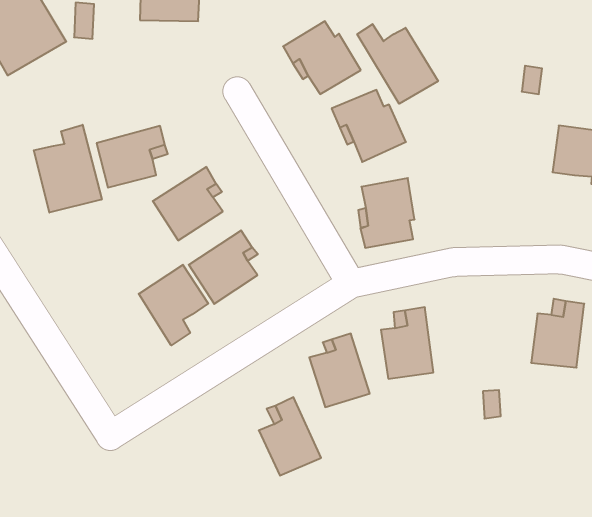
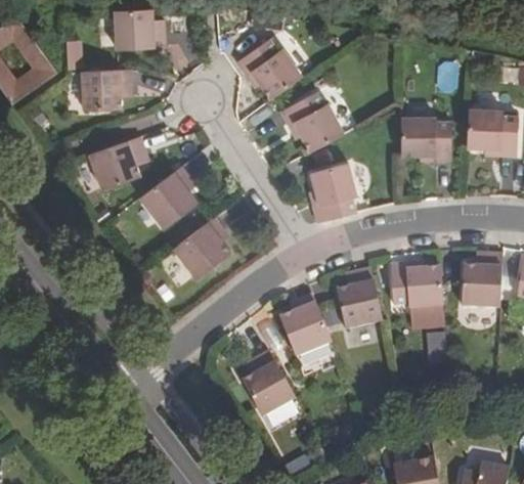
building: [357,24,438,104] -> none
building: none -> [82,70,132,111]
building: [34,125,102,213] -> none
building: none -> [401,117,451,163]
building: [139,265,208,345] -> none
building: none -> [390,264,443,309]

